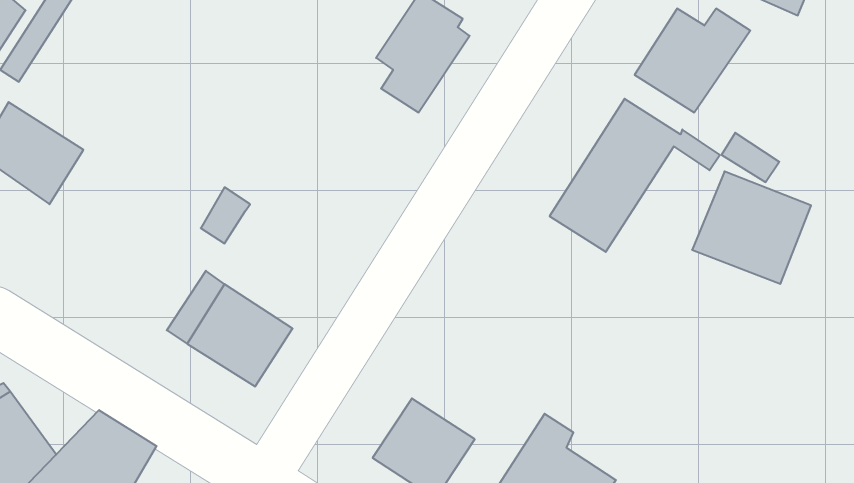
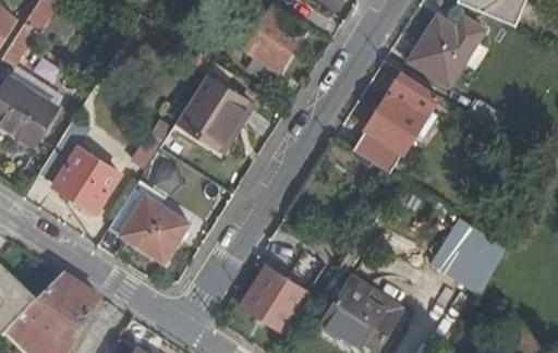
building: none -> [177,74,252,149]
building: none -> [38,118,121,212]
building: [692,171,811,284] -> [426,223,502,295]

